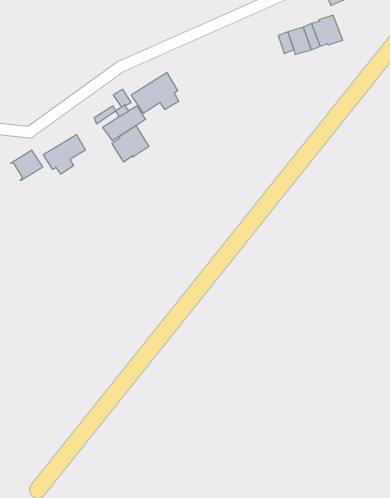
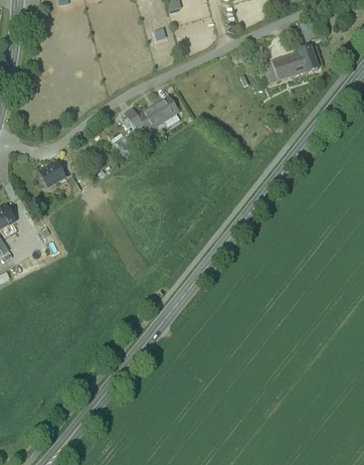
building: [112,125,149,162] -> none
building: [43,134,85,174] -> none

